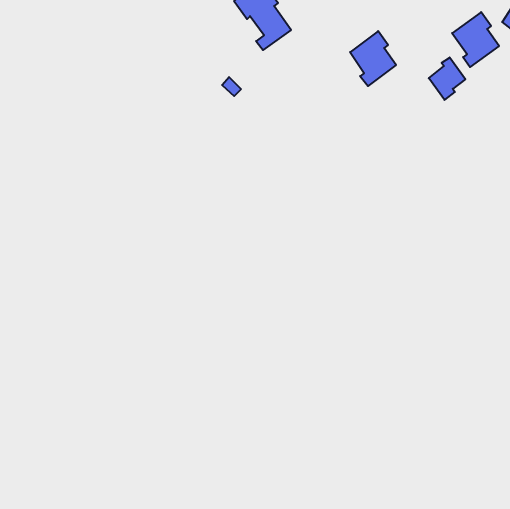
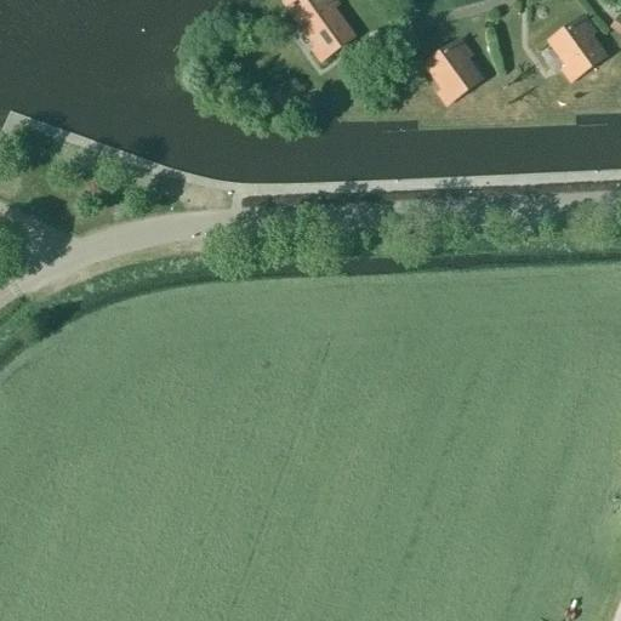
building: [429,57,465,100] -> none

